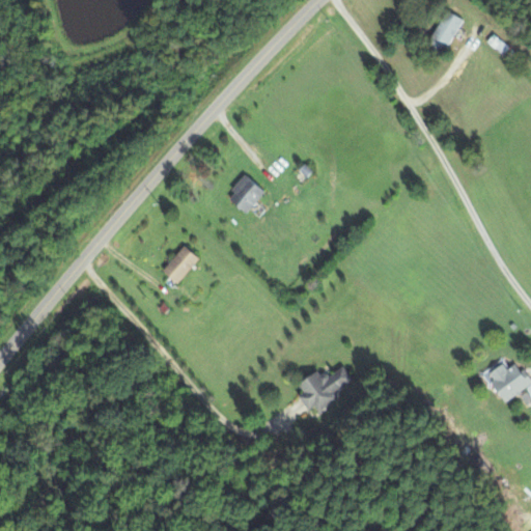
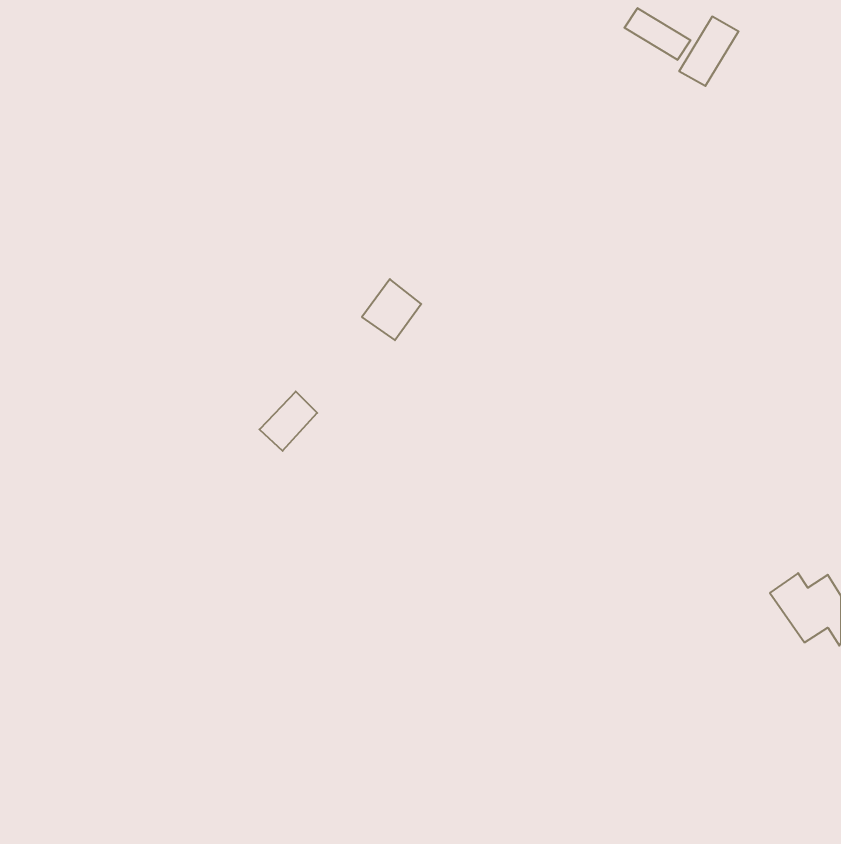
building: none -> [624,8,690,60]
building: [300,366,356,414] -> none

